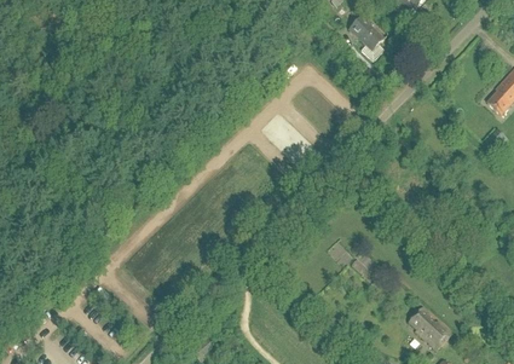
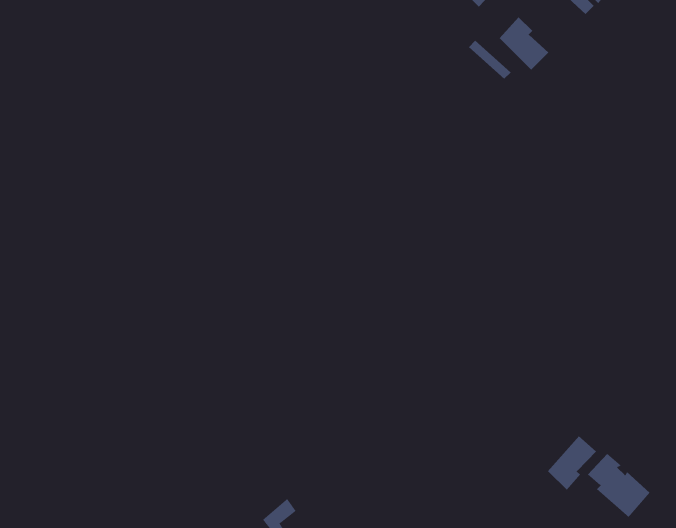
building: none -> [547,435,597,490]

